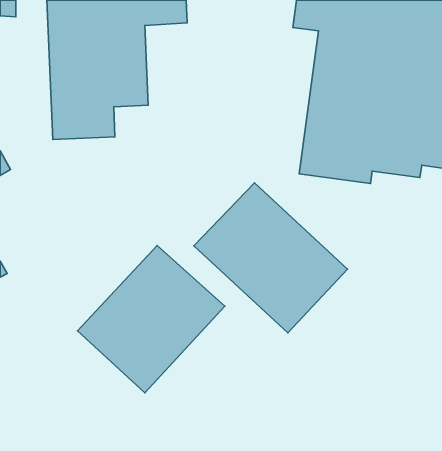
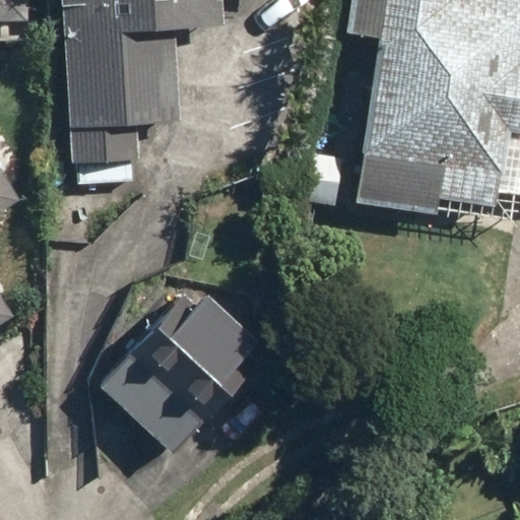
building: [194,183,348,333] -> none

